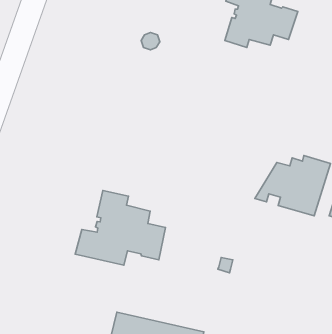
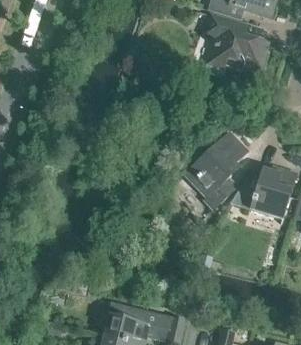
building: none -> [191,134,246,207]
building: [75,190,165,265] -> none

